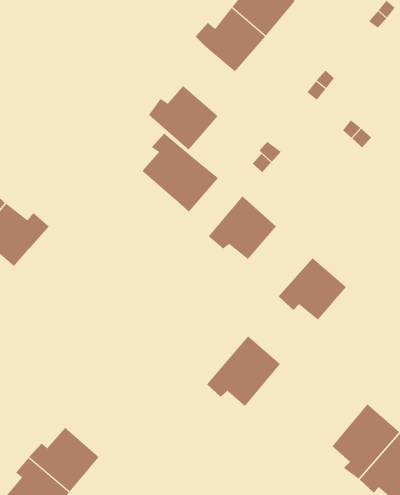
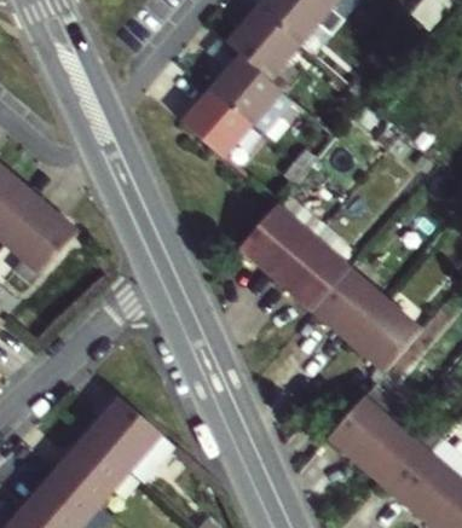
building: [142,133,219,213] -> [213,53,291,134]
building: none -> [279,236,345,307]
building: none -> [351,297,417,370]
building: [206,336,281,407] -> [324,387,400,459]
building: none -> [93,398,160,470]

